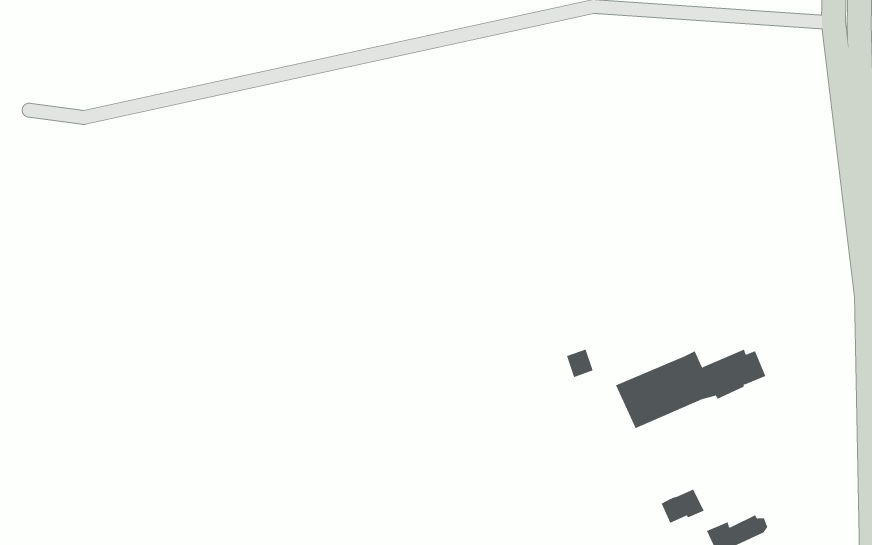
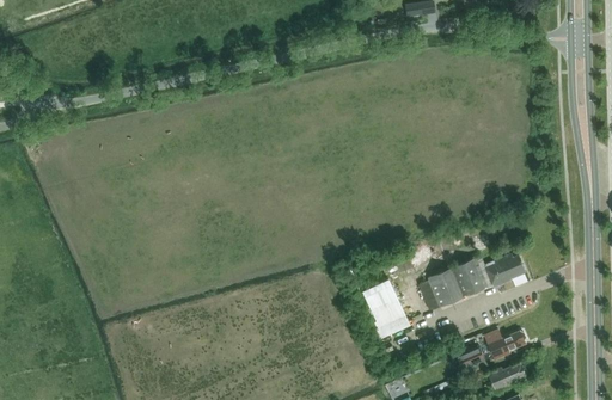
building: none -> [365,278,409,337]
building: none -> [483,330,525,361]

